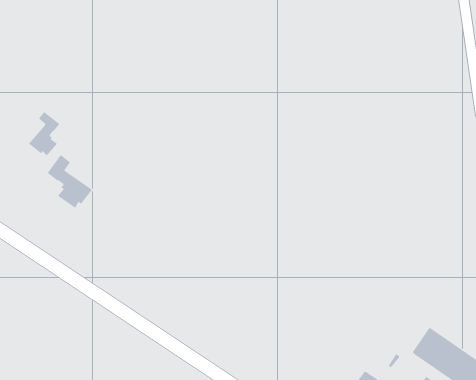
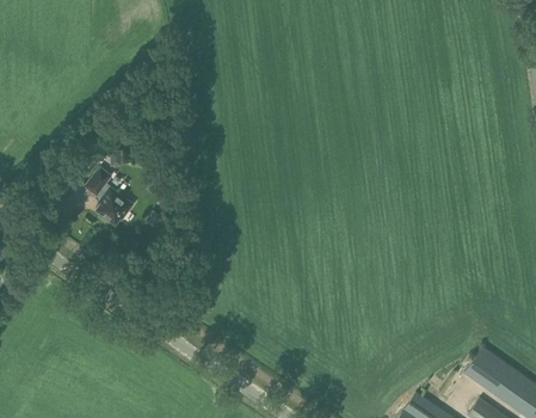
building: [28,111,60,156] -> none

